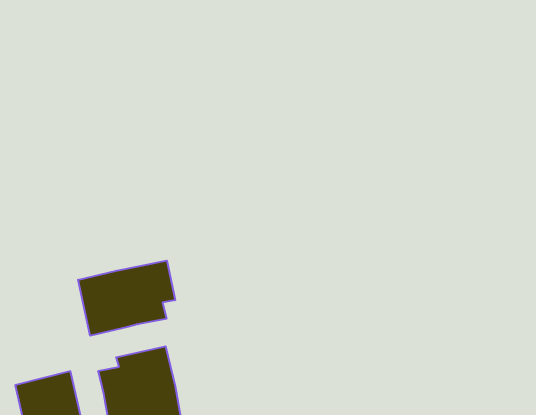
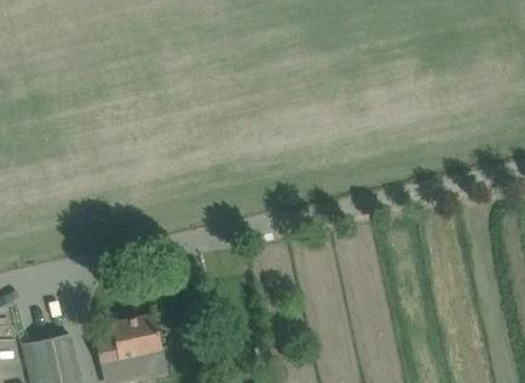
building: [78,261,175,336] -> none

